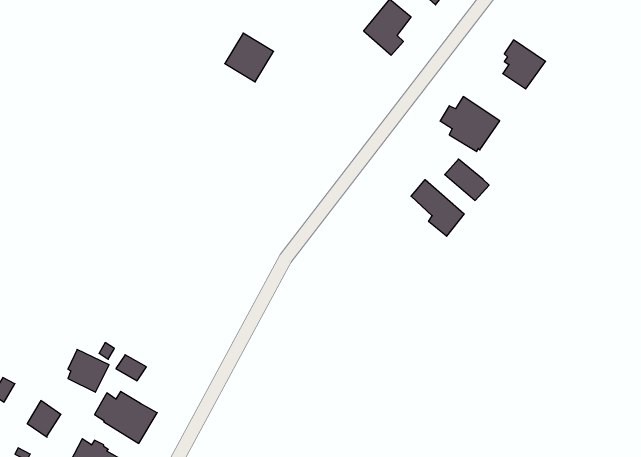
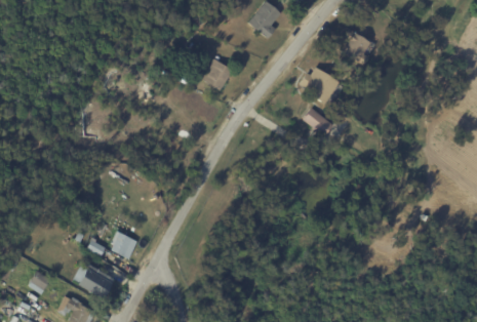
building: [225,33,274,82] -> [202,57,235,90]
building: [411,180,464,236] -> none
building: [68,349,109,392] -> [110,230,137,258]

